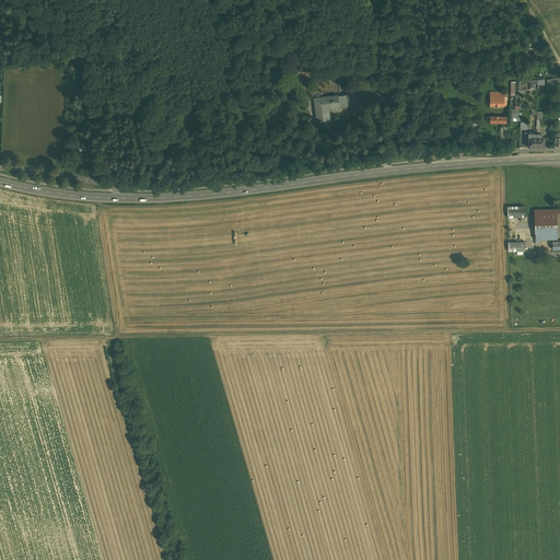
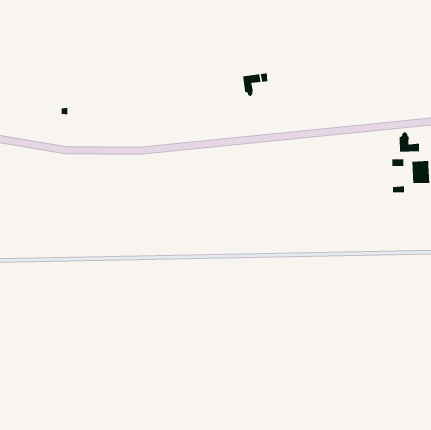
building: none -> [399,131,420,153]

